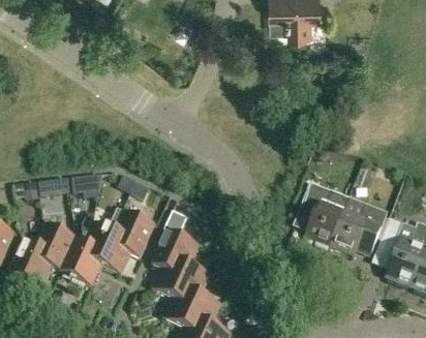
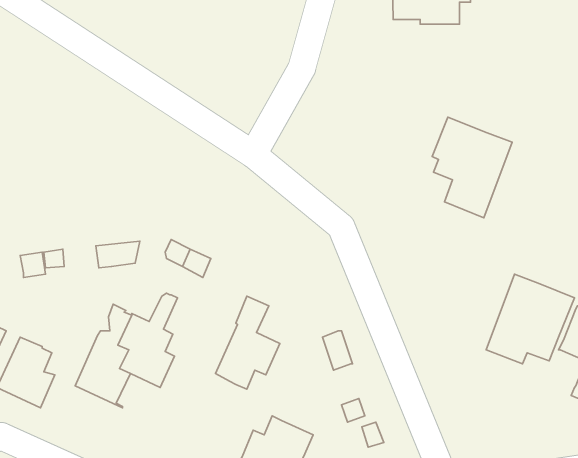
building: [297,183,349,249] -> [432,117,512,218]
building: [119,215,156,260] -> none
building: [39,227,75,273] -> none
building: [157,263,206,305] -> none

